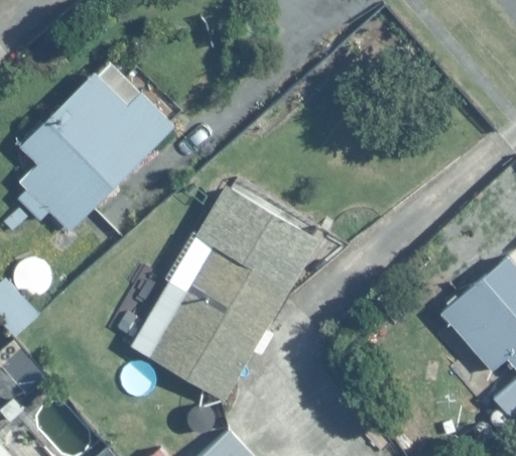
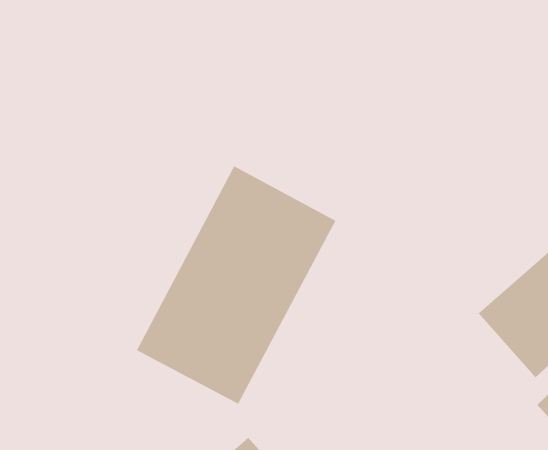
building: [16,61,174,236] -> none

